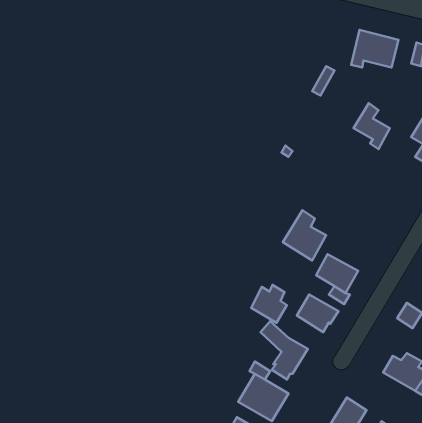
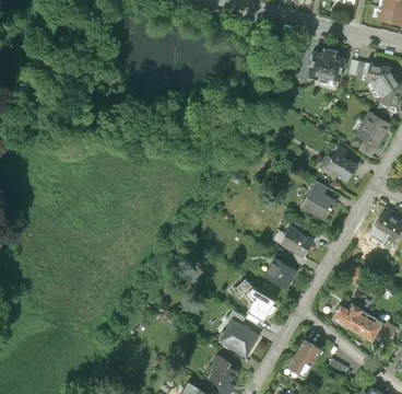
building: [353,103,390,149] -> [327,146,355,182]
building: [283,210,326,260] -> [300,181,334,220]
building: [251,285,287,323] -> none

